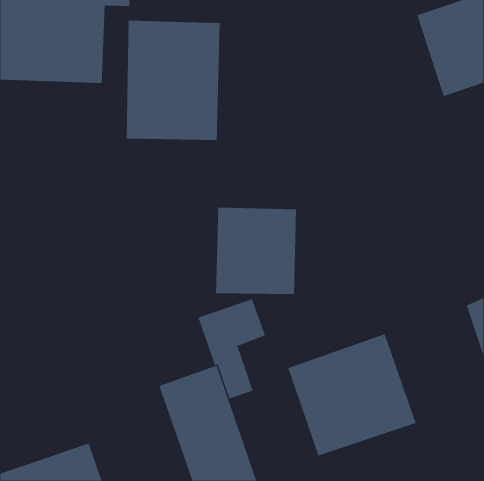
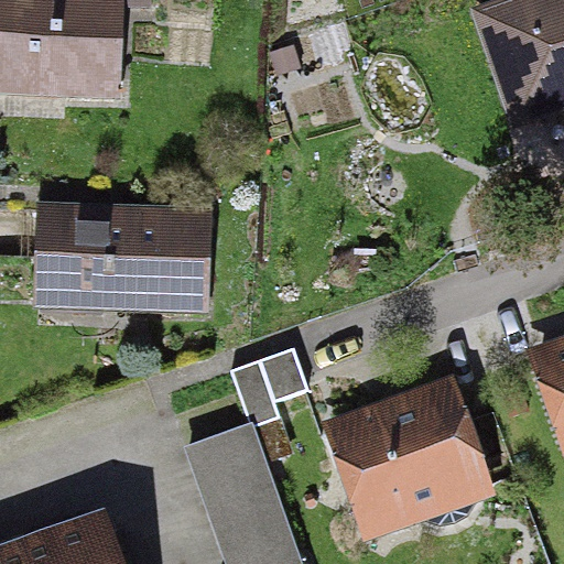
building: [126,20,220,141] -> none
building: none -> [32,203,210,313]
building: [215,207,296,295] -> none

